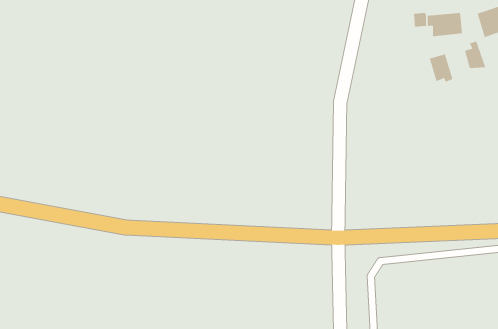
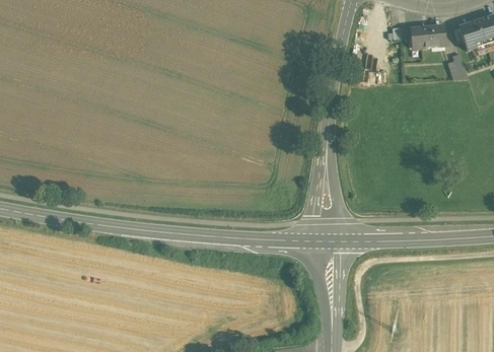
building: [429,53,453,83] -> none

